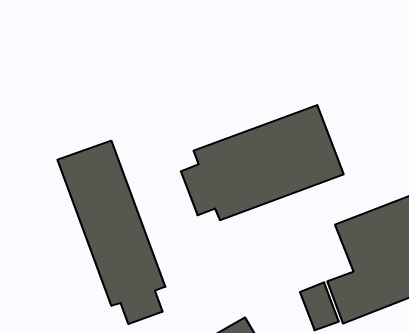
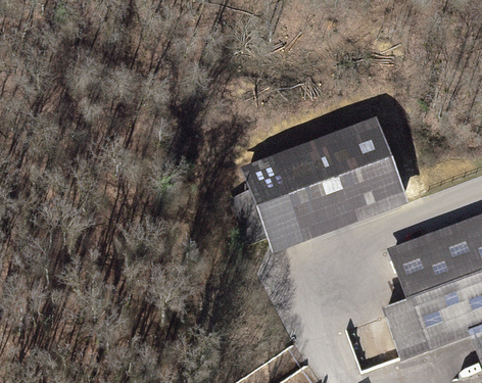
building: [57,141,165,324] -> none

